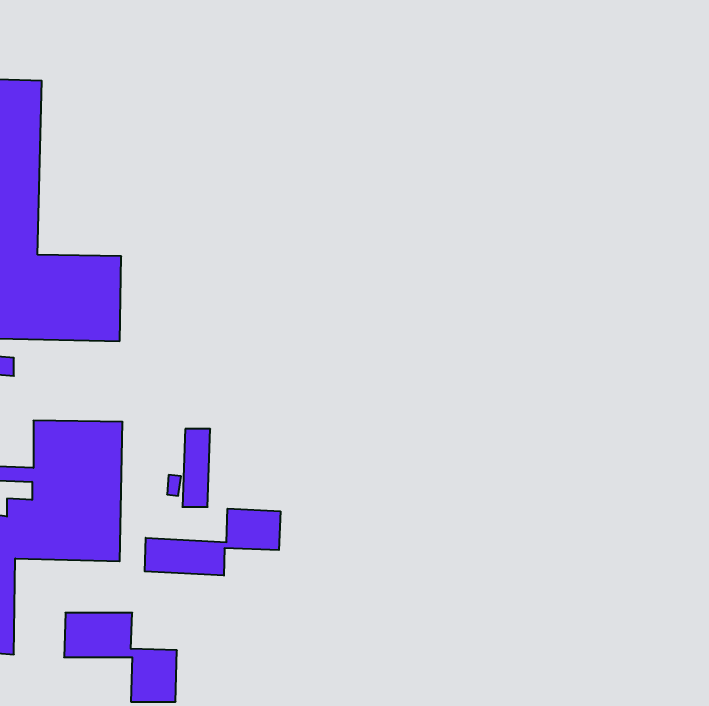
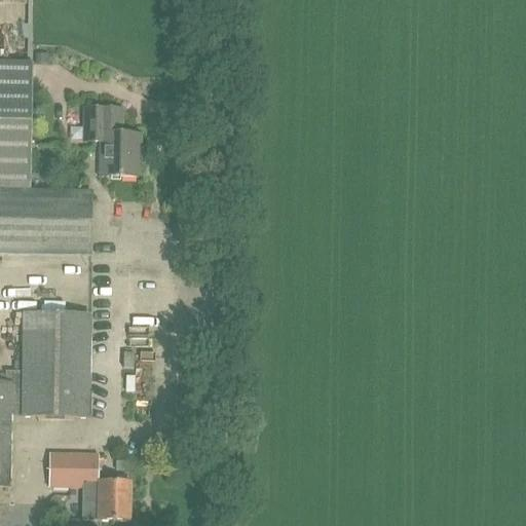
building: none -> [85,105,140,174]
building: [145,509,280,576] -> none

